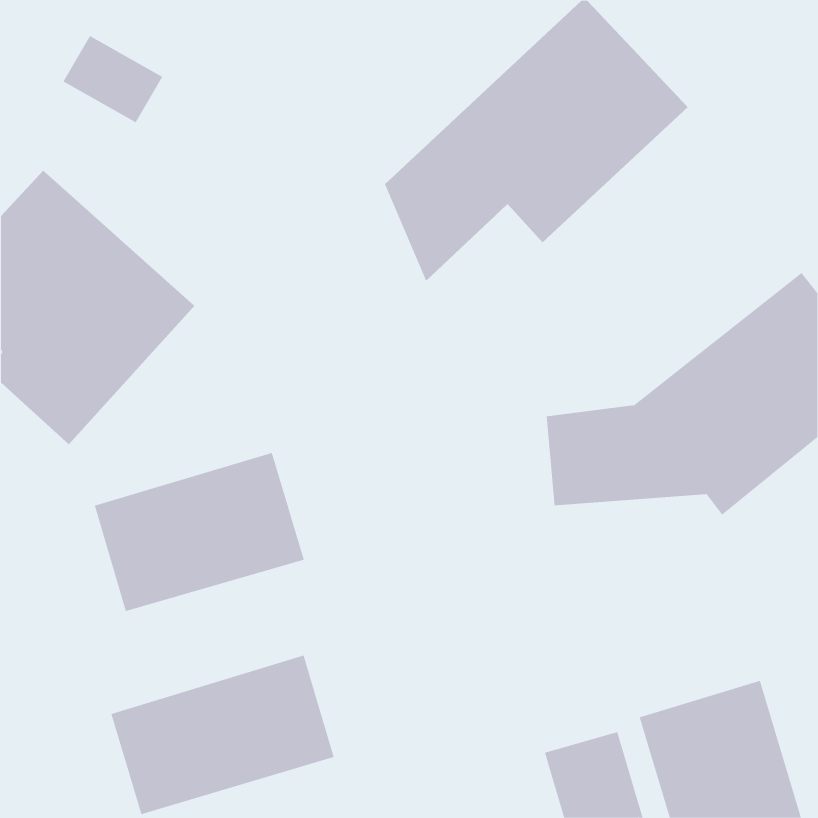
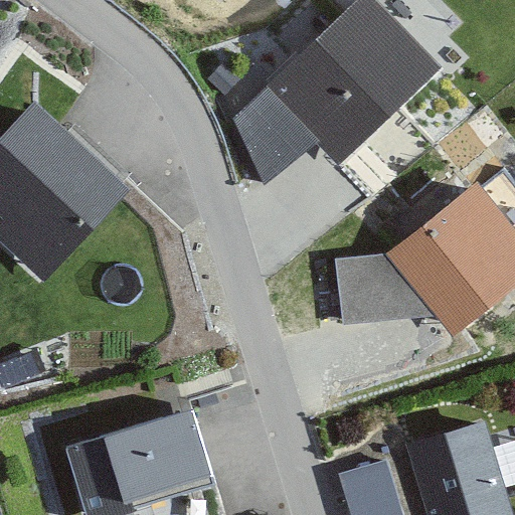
building: [94,452,305,612] -> none

